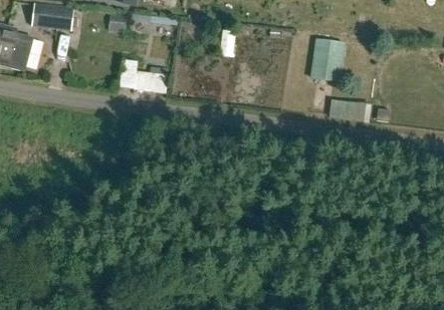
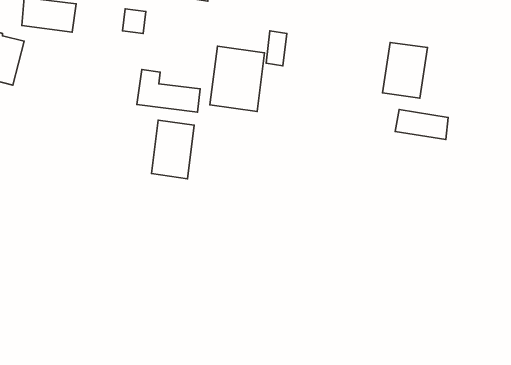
building: none -> [210,46,265,111]
building: none -> [151,120,194,179]

